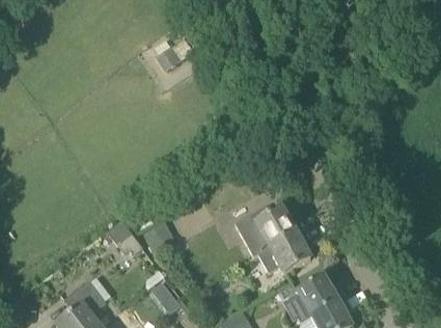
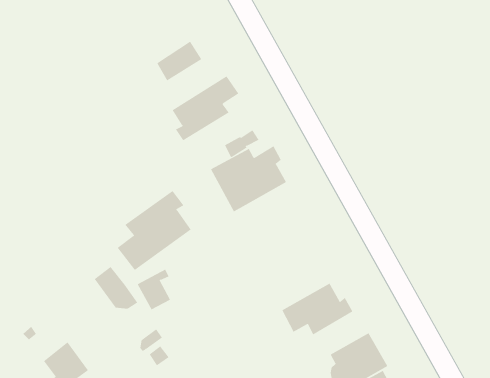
building: none -> [172,76,239,141]
building: none -> [117,190,192,271]
building: [236,203,297,256] -> [210,146,287,212]

